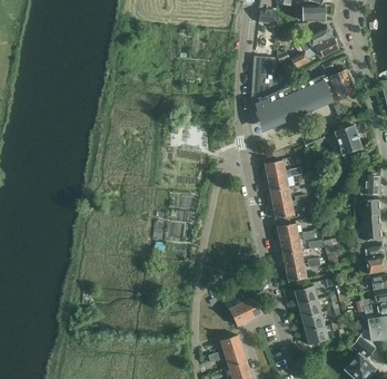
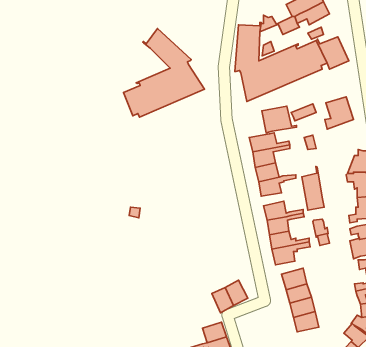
building: none -> [124,29,205,117]
building: none -> [262,106,297,133]
building: none -> [302,166,324,210]

